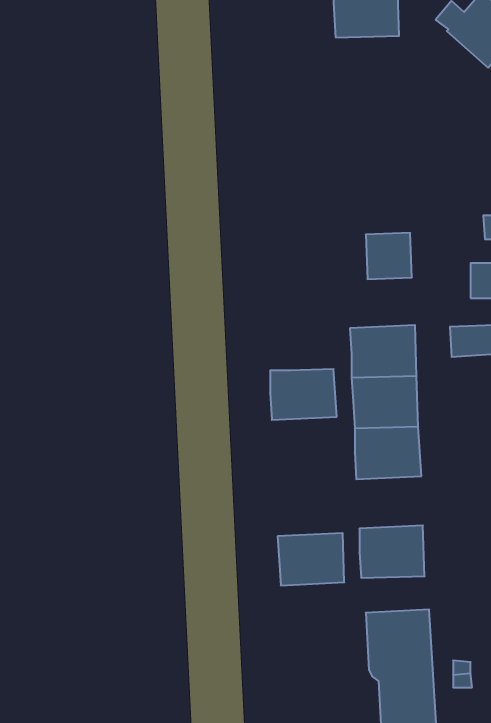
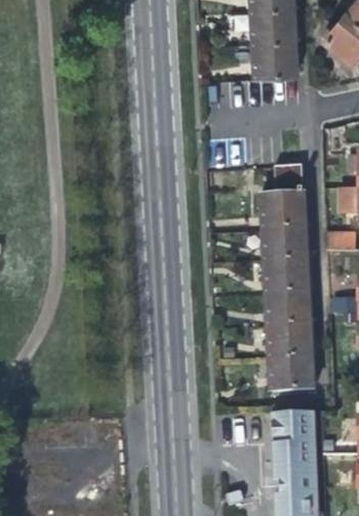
building: none -> [253,41,296,77]
building: [270,369,337,420] -> [262,197,305,230]
building: [278,533,344,585] -> [267,325,310,359]

